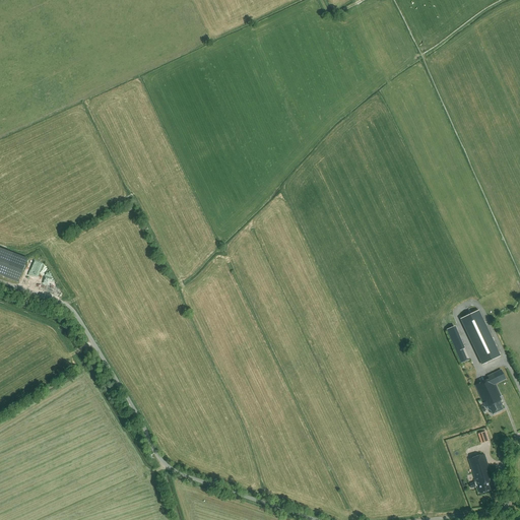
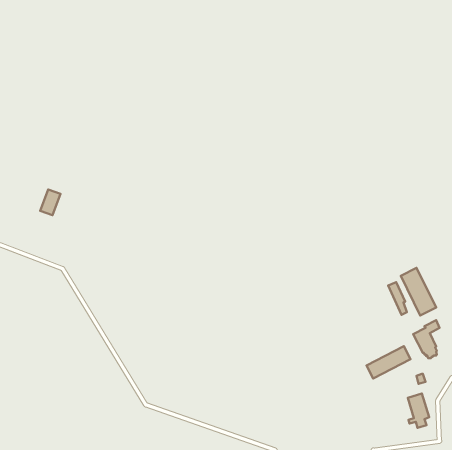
building: [5,251,28,280] -> [40,190,60,215]
building: none -> [367,346,410,379]

